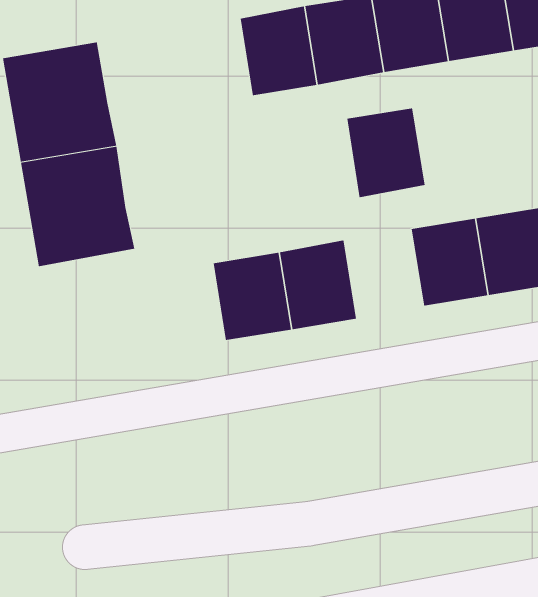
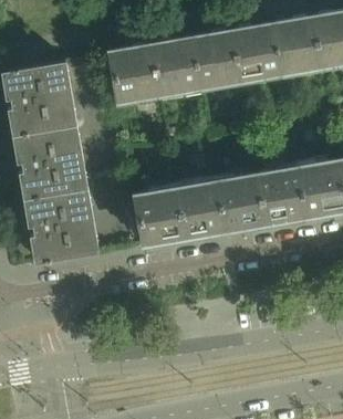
building: none -> [108,46,158,101]
building: [346,108,426,198] -> [215,176,263,231]
building: none -> [27,188,97,263]

